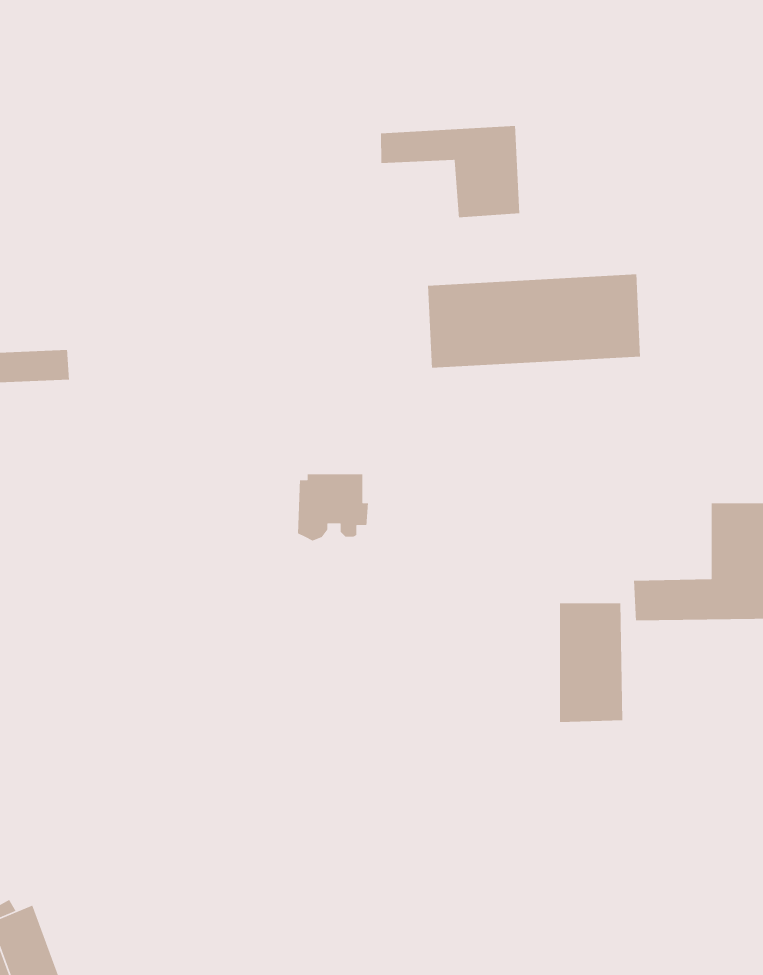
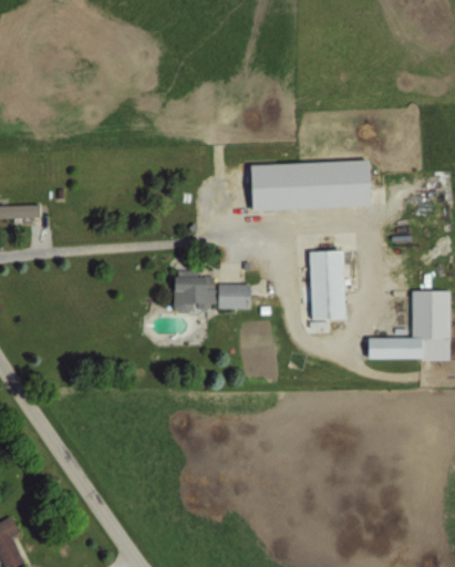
building: [380,125,520,218] -> none
building: none -> [217,282,249,307]
building: [559,602,623,723] -> [310,251,347,320]

